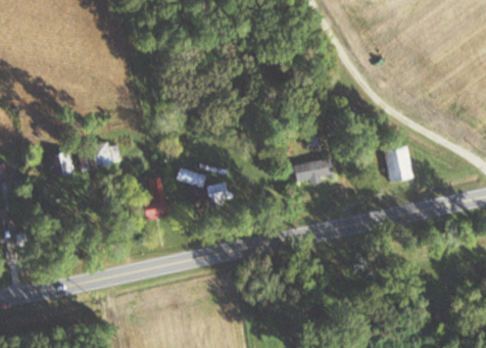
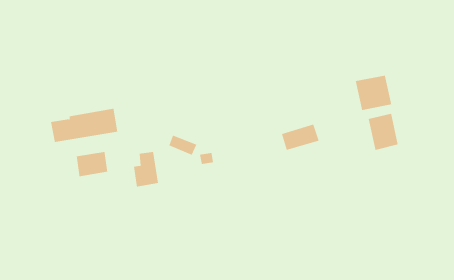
building: none -> [355,75,392,111]
building: none -> [76,151,108,177]

